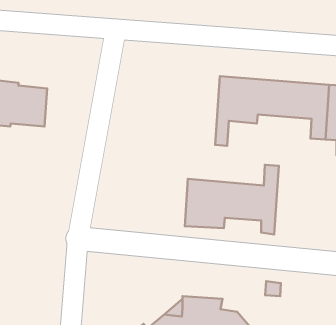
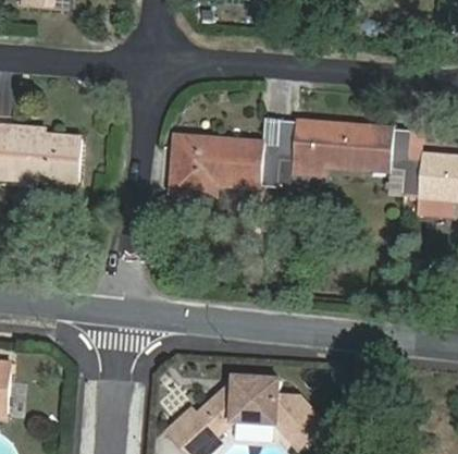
building: [185,165,279,235] -> [170,119,280,200]

